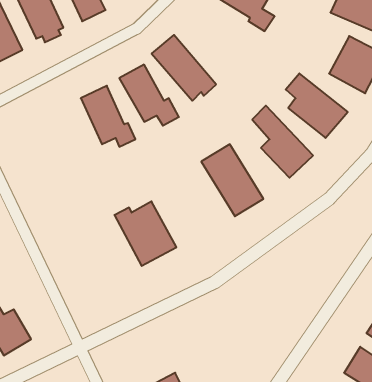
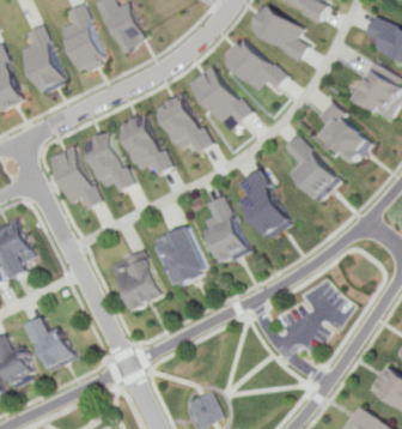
building: none -> [221,38,286,90]
building: none -> [84,131,139,193]
building: none -> [47,145,100,209]
building: none -> [203,195,251,264]
building: none -> [109,252,164,312]

